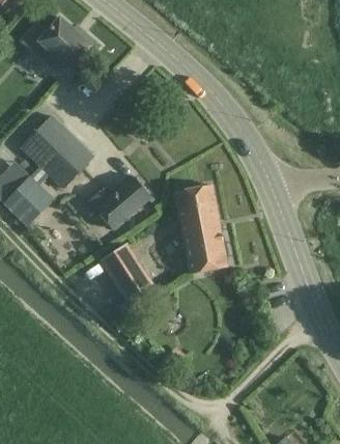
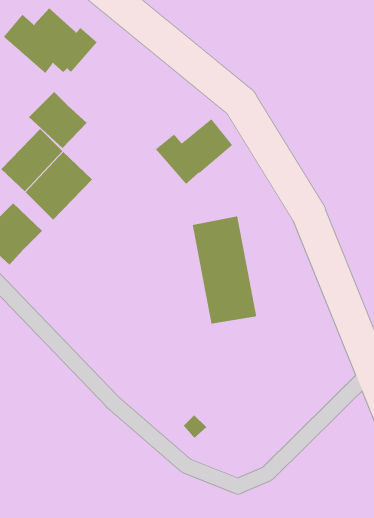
building: none -> [28,91,87,149]
building: [87,175,150,229] -> [155,118,233,185]
building: [102,245,150,298] -> none

